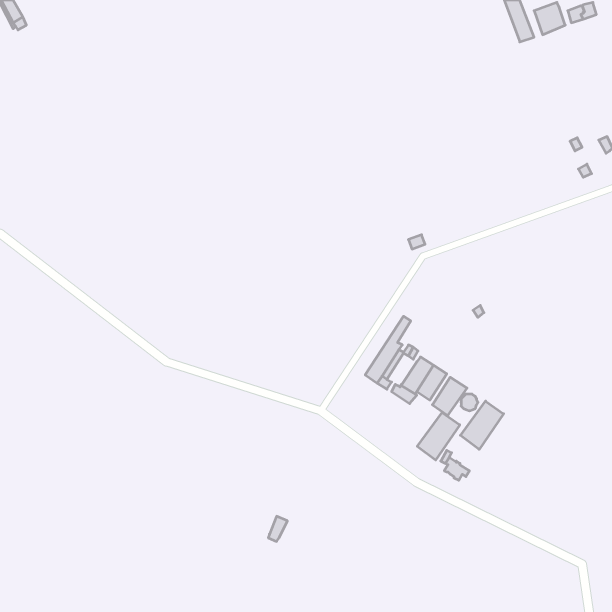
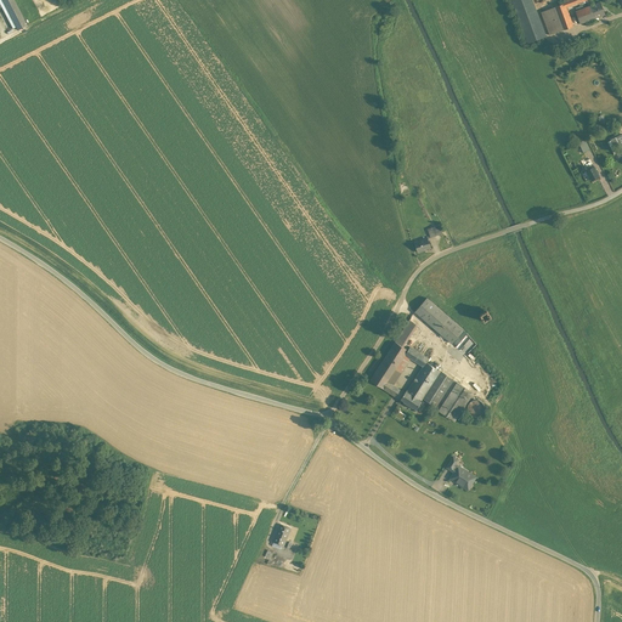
building: none -> [415,298,464,344]
building: [460,401,504,449] -> none
building: [417,413,460,460] -> none

